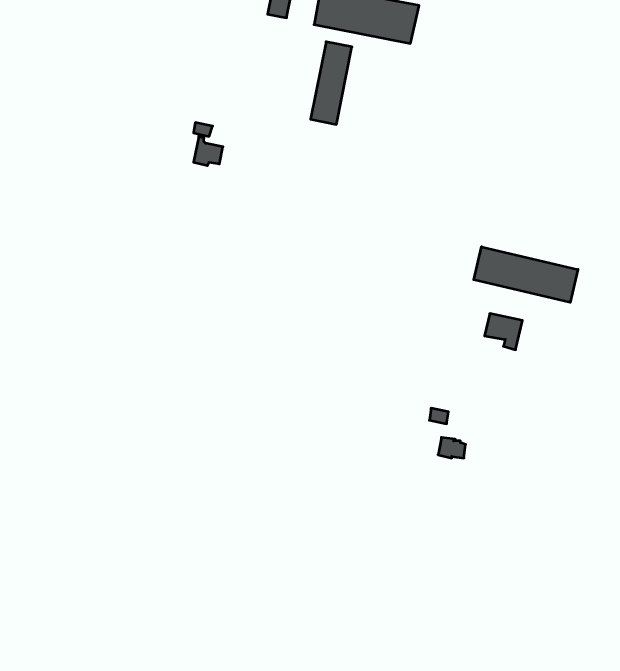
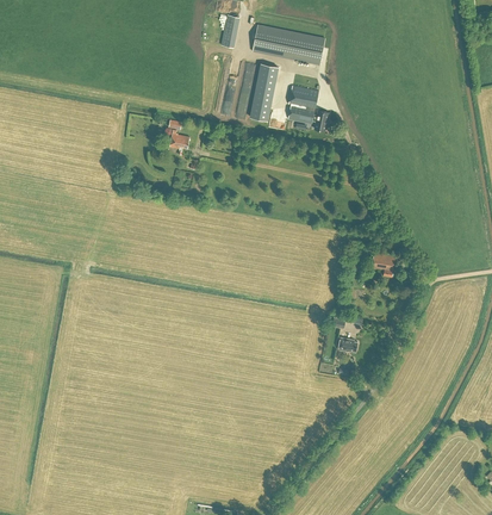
building: none -> [287,86,326,131]
building: [474,247,578,302] -> none

